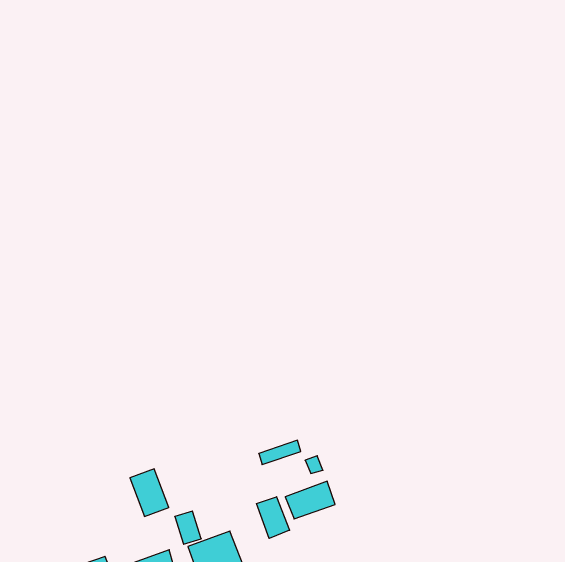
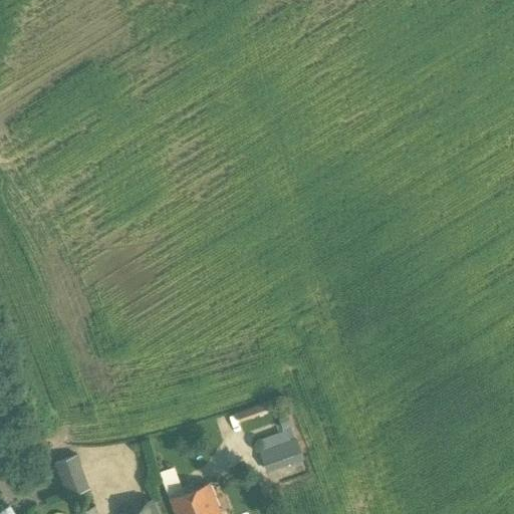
building: [130,469,169,516] -> [54,454,89,497]
building: [256,497,290,538] -> none

